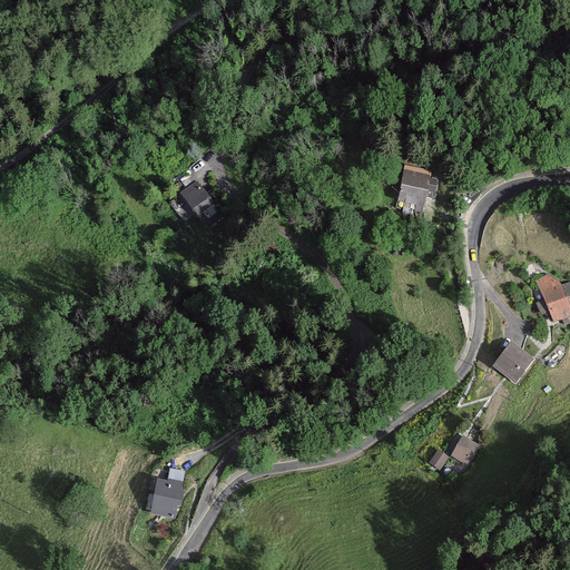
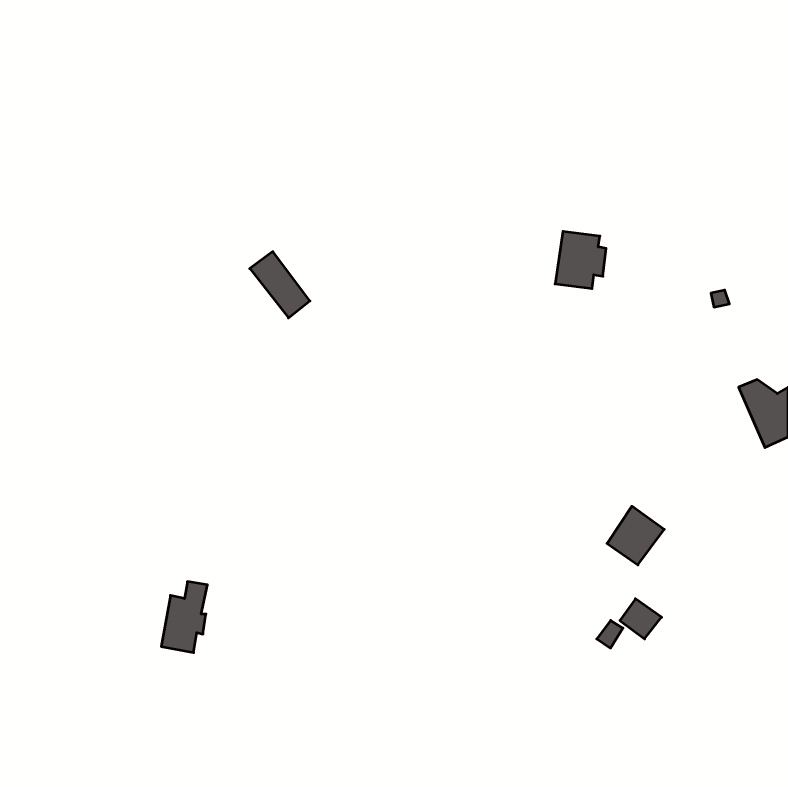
building: [490,341,531,383] -> [607,506,664,565]
building: [153,466,186,518] -> [161,582,207,653]

